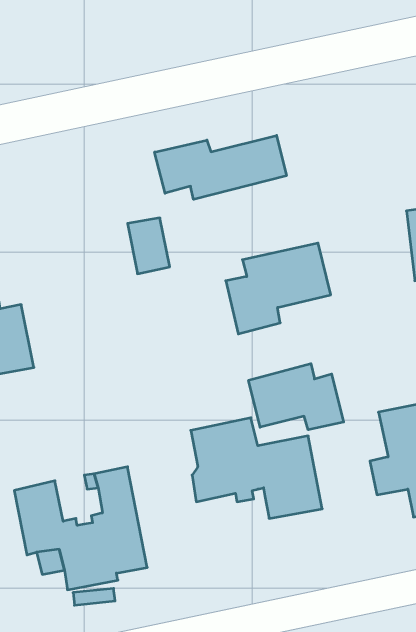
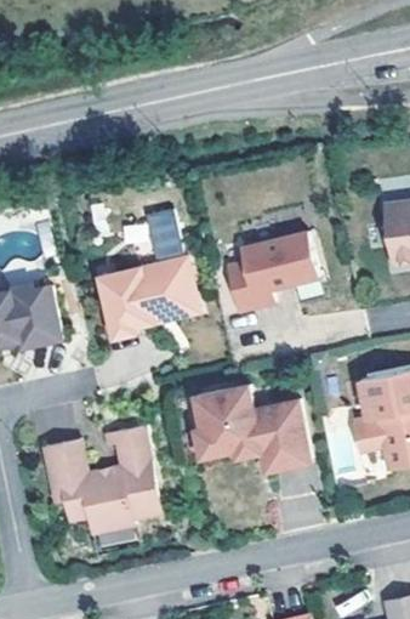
building: [155,135,286,199] -> none
building: none -> [98,255,199,337]
building: [249,364,344,430] -> none

